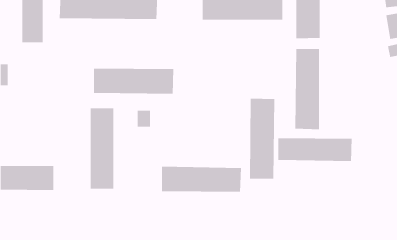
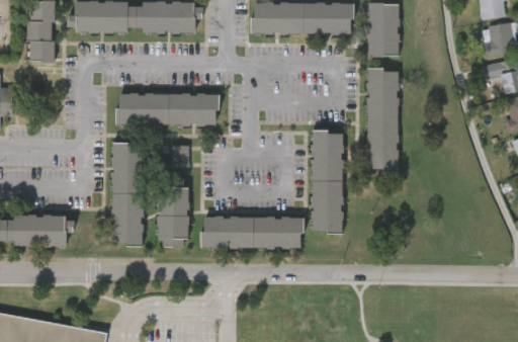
building: none -> [158,179,188,248]
building: [278,137,352,162] -> none

